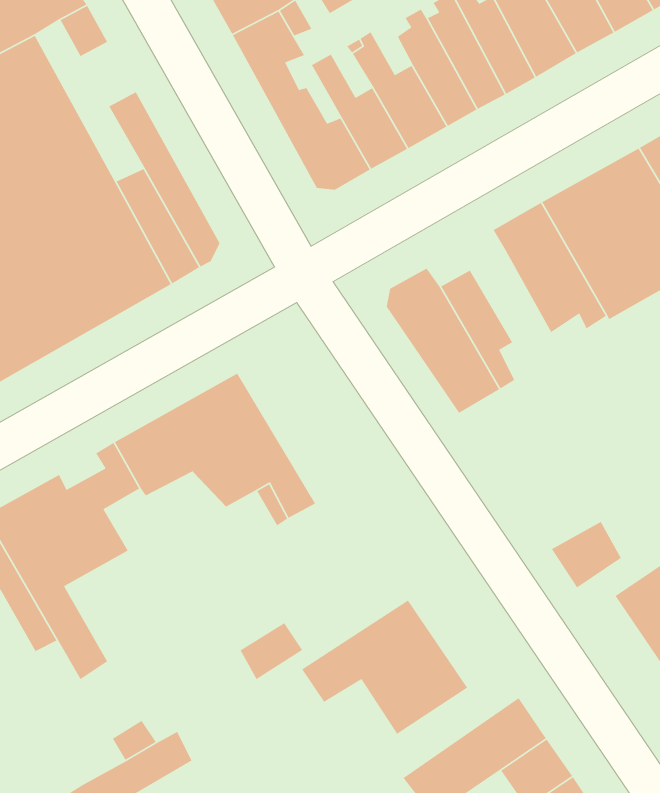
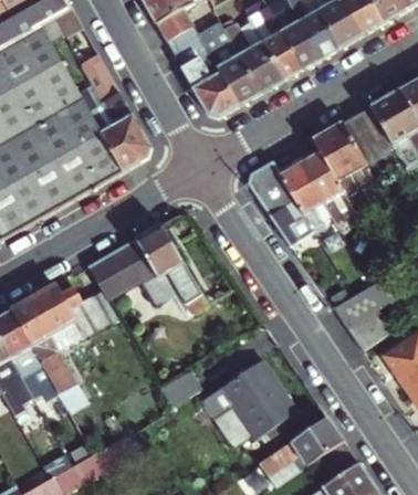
building: none -> [297,150,354,227]
building: none -> [332,277,399,327]

